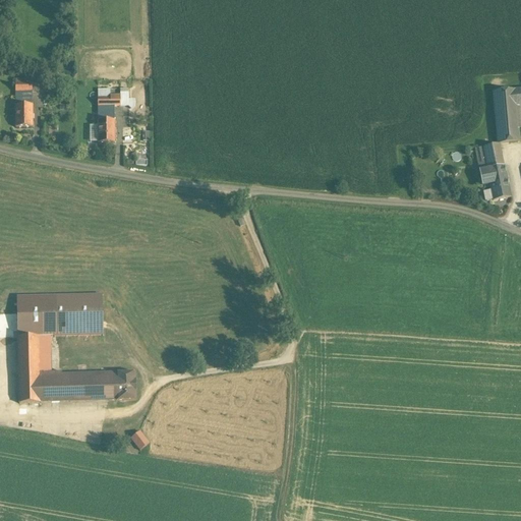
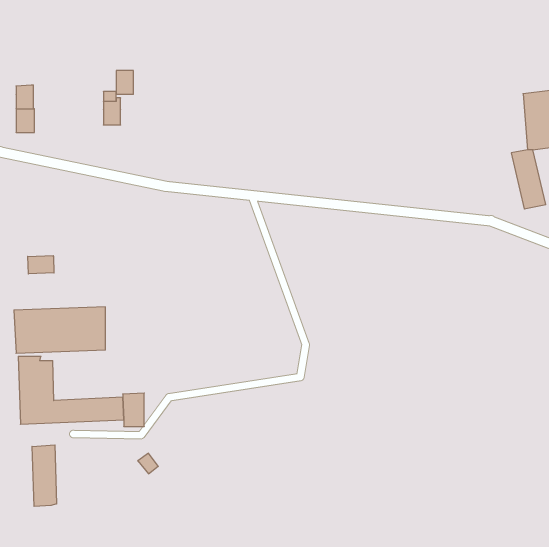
building: [99,118,115,140] -> [116,71,133,94]
building: none -> [28,256,54,274]
building: none -> [32,445,57,506]

